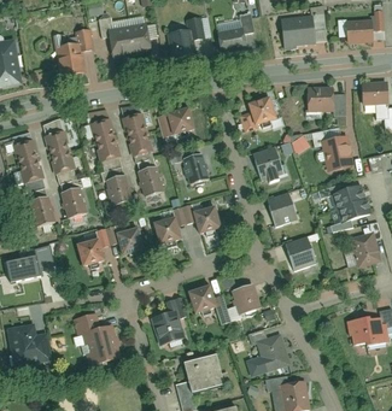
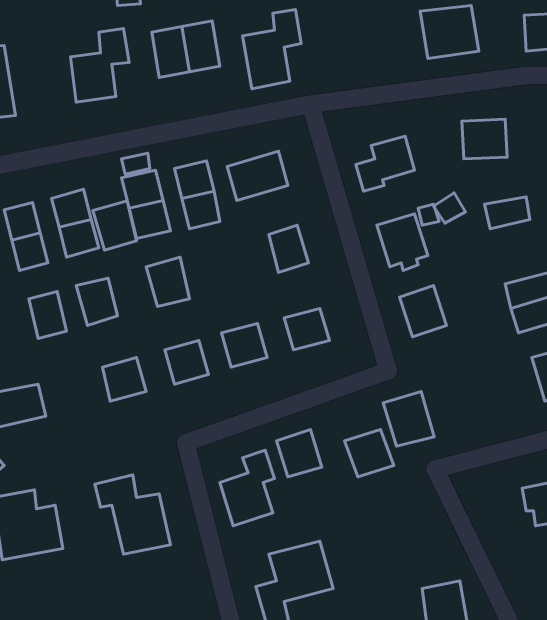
building: [217,27,247,53] -> none
building: [136,165,164,196] -> [93,201,136,250]
building: [285,235,317,270] -> [383,391,434,446]
building: [256,333,291,371] -> none

